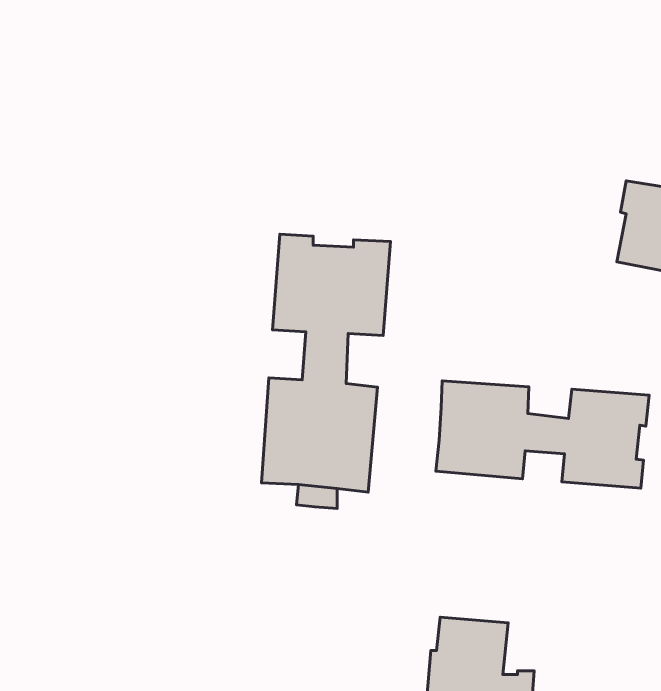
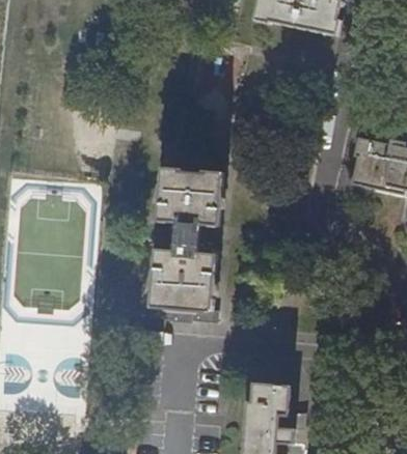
building: [436,381,649,488] -> none

